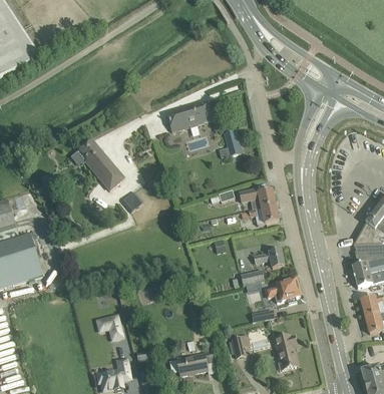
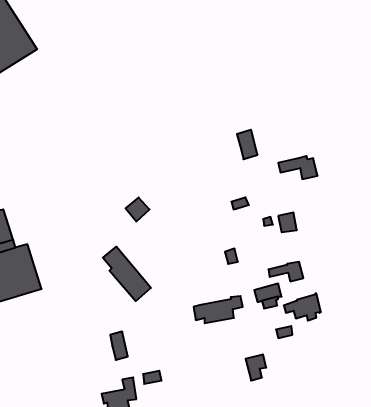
building: [165,101,212,131] -> none
building: [78,139,122,189] -> [103,247,151,301]
building: [238,186,274,208] -> [278,156,318,179]
building: [273,335,297,370] -> none
building: [168,351,214,376] -> [194,296,243,323]

